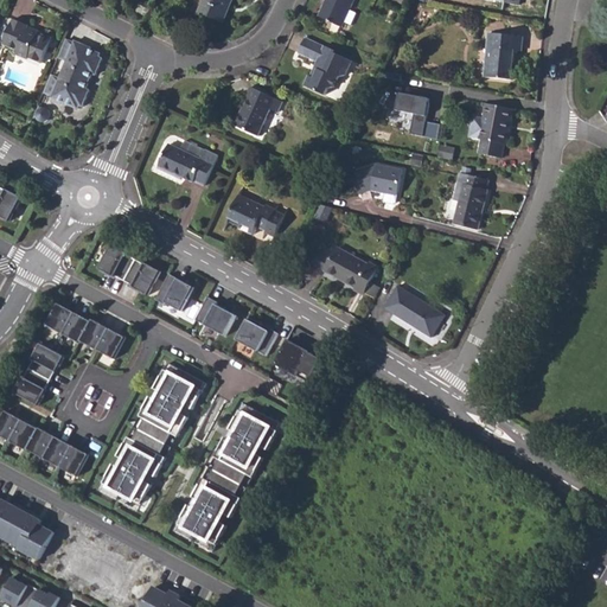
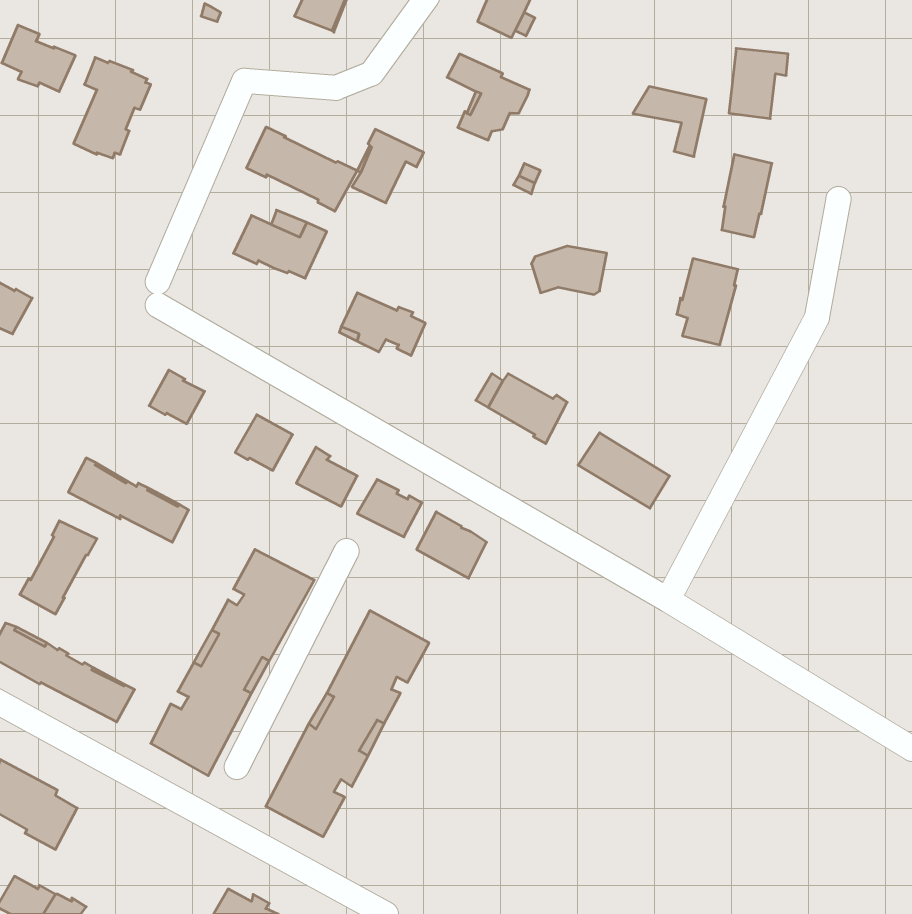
building: none -> [247,127,357,211]
building: [381,89,429,135] -> [633,87,706,157]
building: [123,258,160,294] -> none

